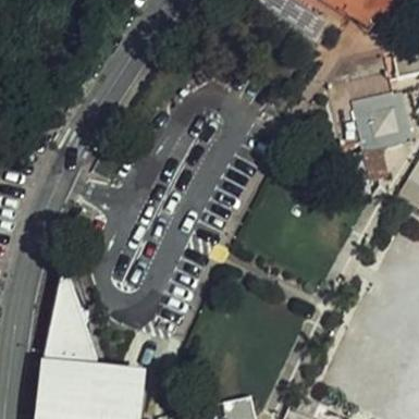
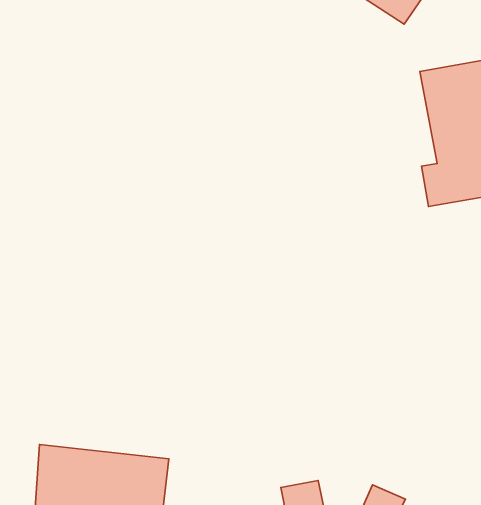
building: [47,263,98,366] -> none

